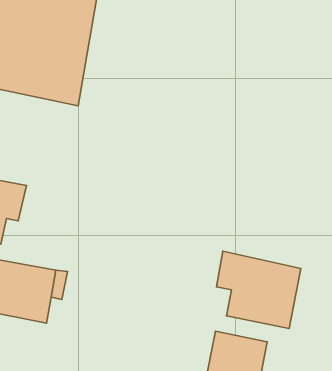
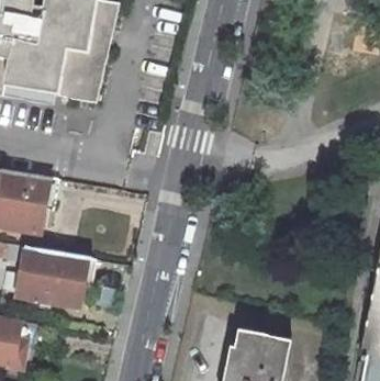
building: [217,251,301,328] -> none

